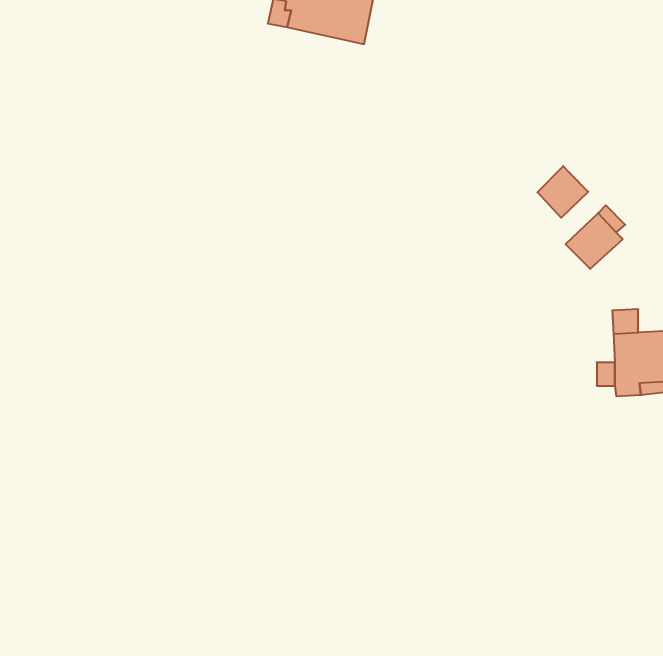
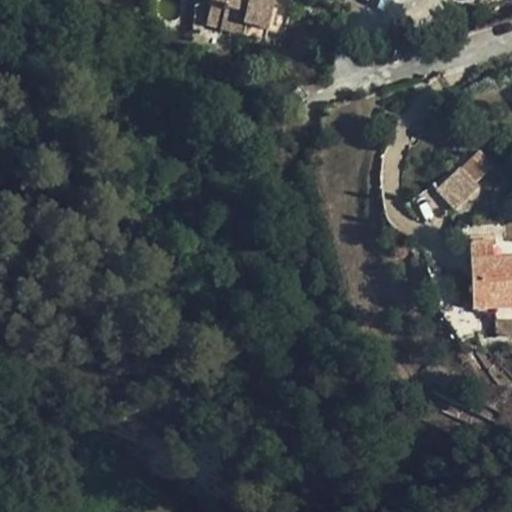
building: [537,166,588,218] -> none

